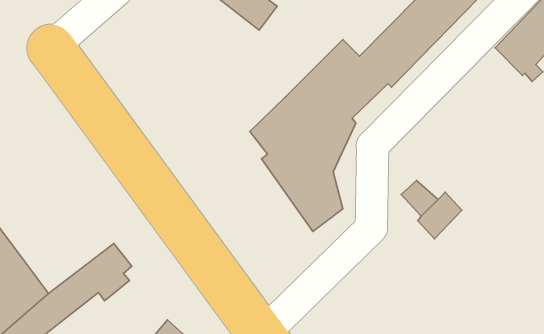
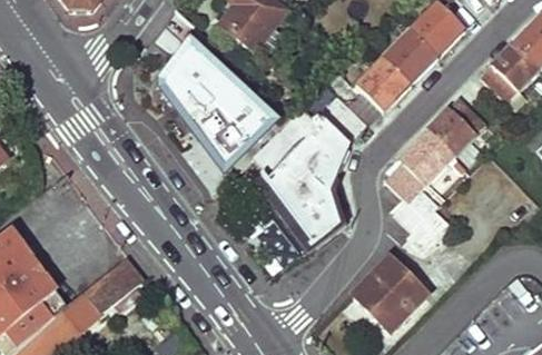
building: none -> [161,36,286,174]
building: none -> [390,97,486,204]
building: none -> [354,257,427,331]

